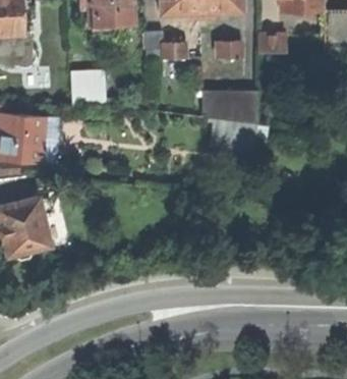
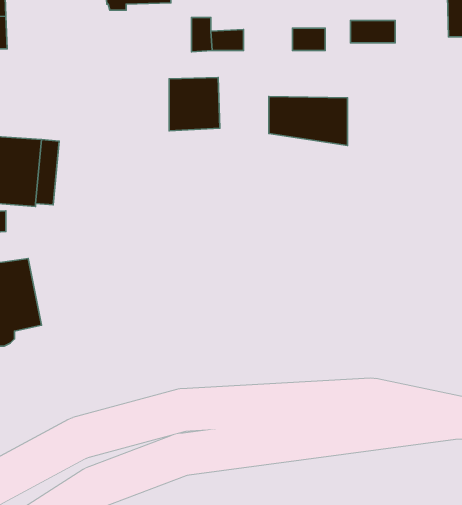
building: [72,69,107,106] -> [169,77,220,131]

